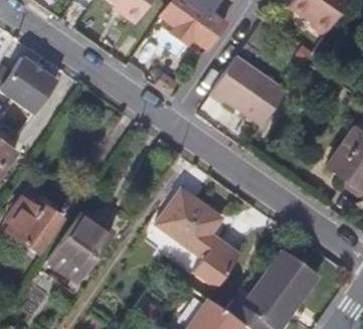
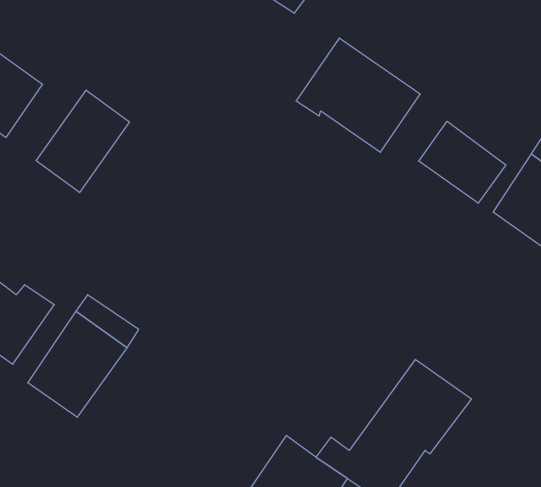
building: none -> [36,90,129,193]
building: none -> [419,121,506,203]
building: [155,191,240,290] -> none

